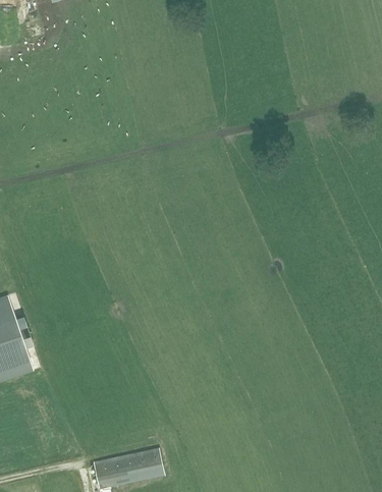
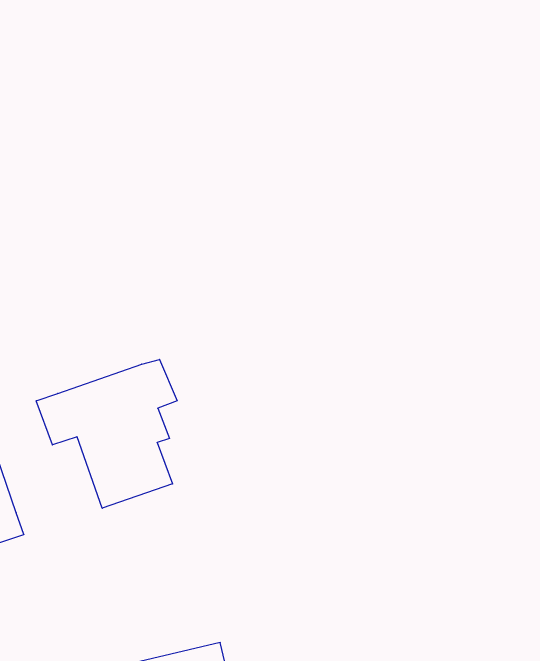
building: none -> [36,359,177,508]

